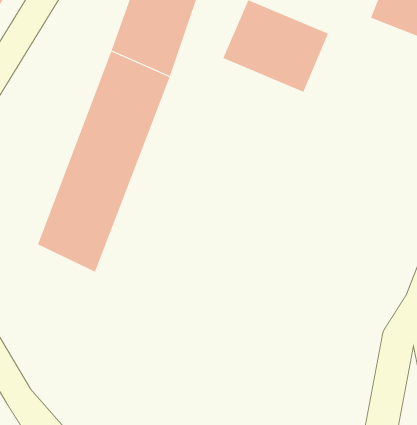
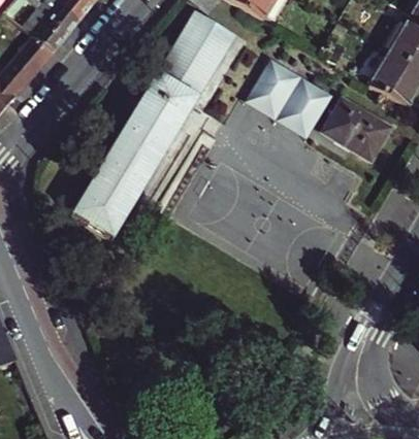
building: none -> [318,98,394,165]

